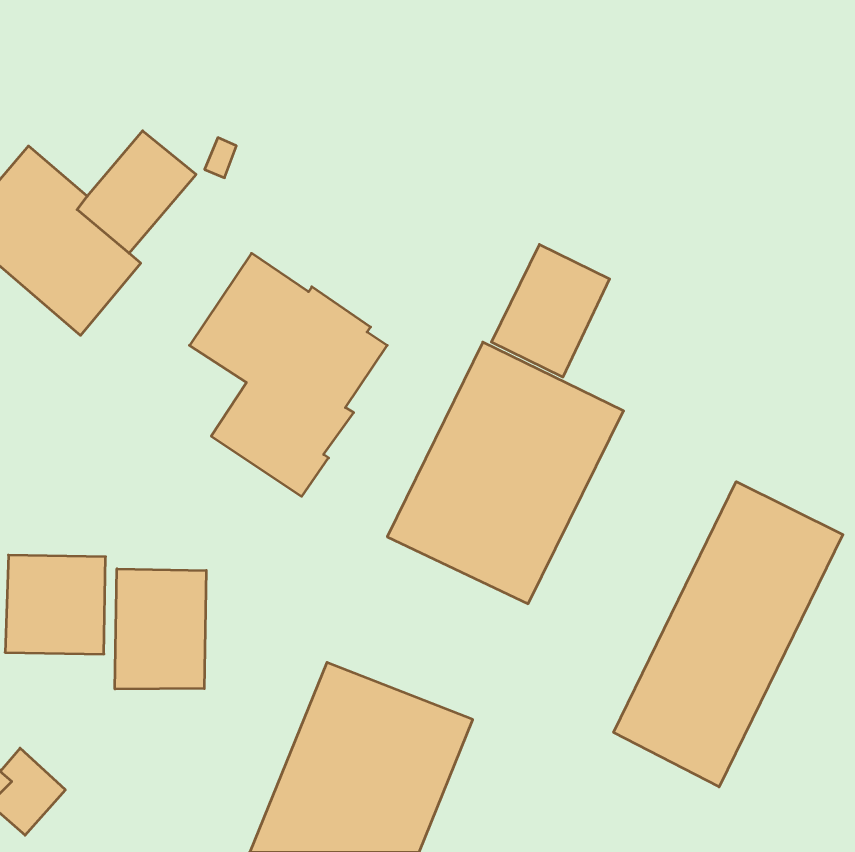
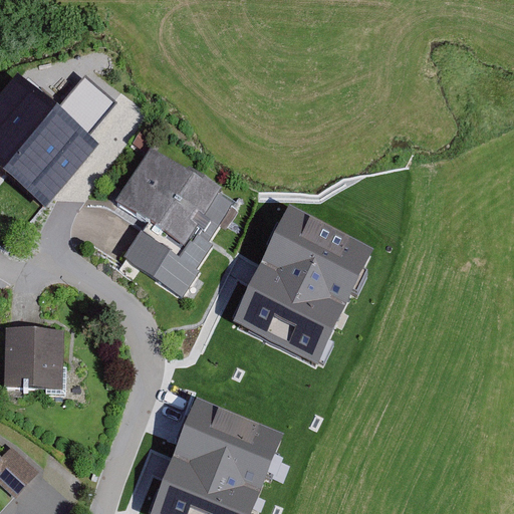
building: [491,244,610,377] -> none
building: [614,482,843,787] -> none
building: [115,569,206,689] -> none

